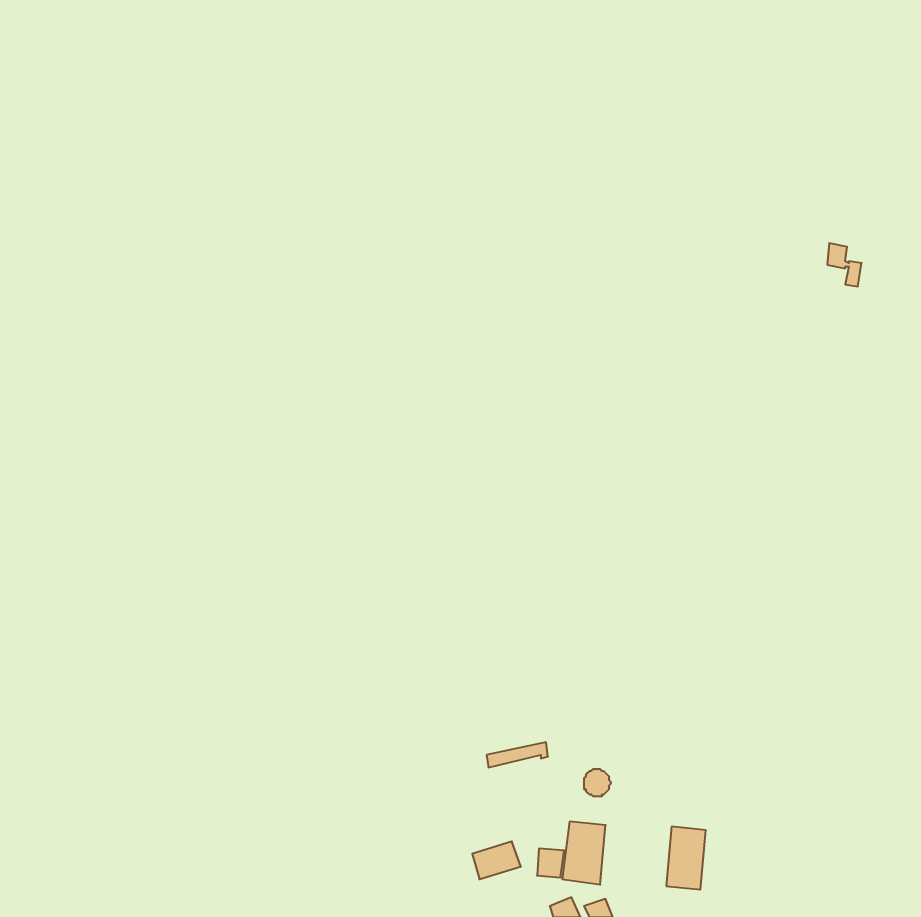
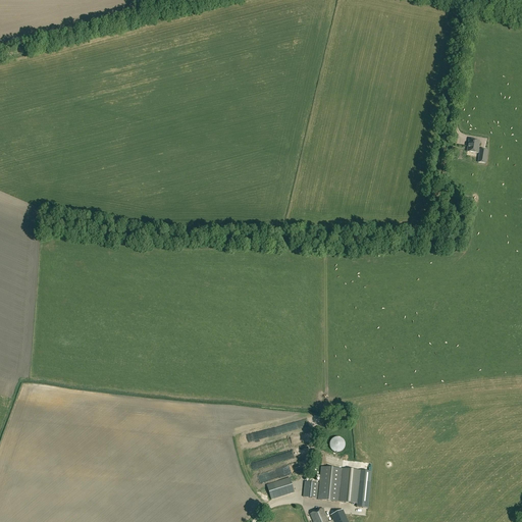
building: [666,827,706,890] -> [340,467,362,503]

